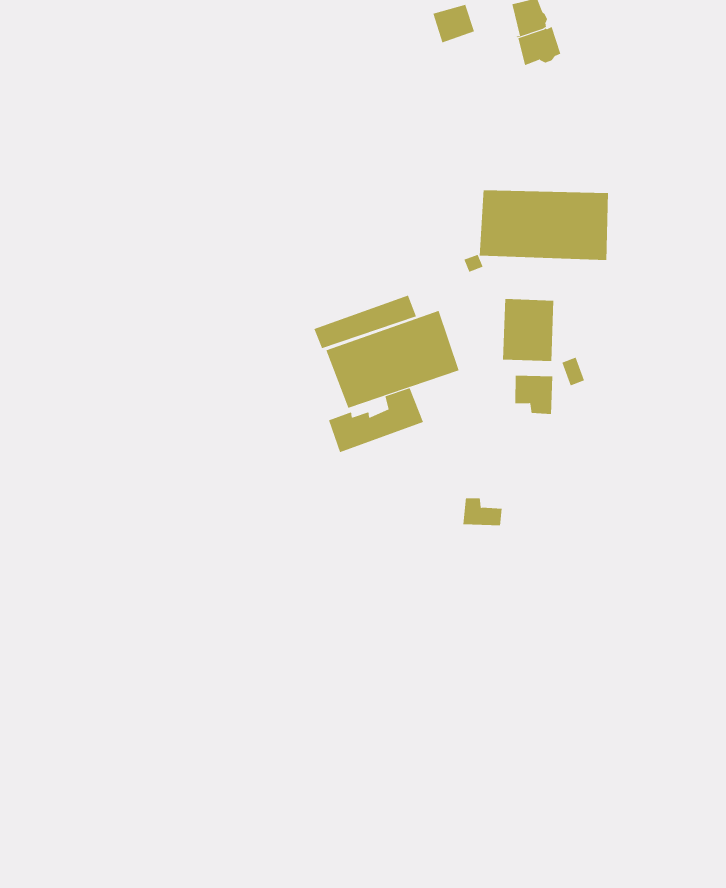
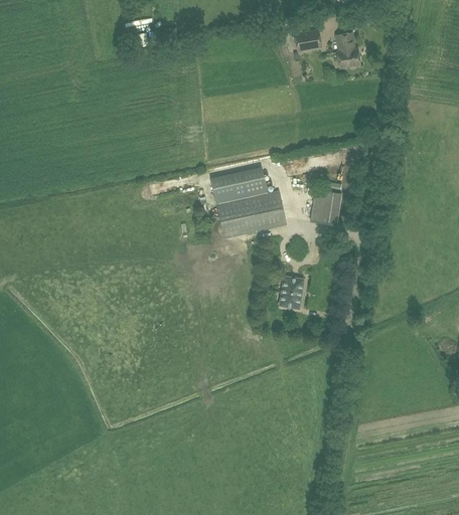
building: [479,189,609,261] -> none
building: [514,375,553,415] -> [282,277,304,300]
building: [328,387,424,453] -> [211,162,262,192]

